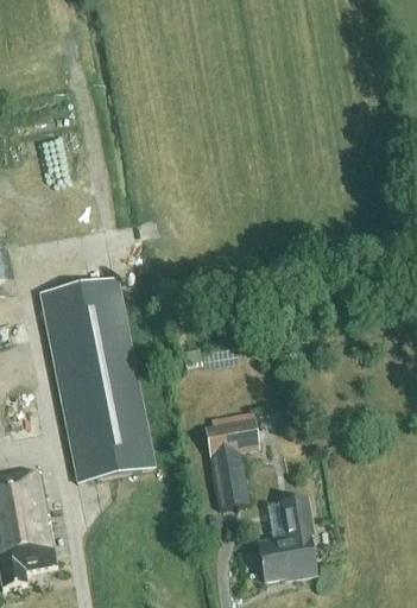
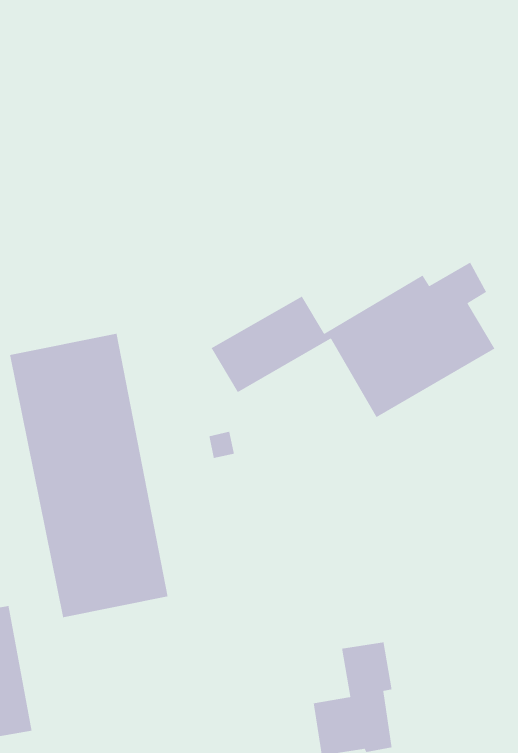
building: none -> [211,262,496,418]
building: [203,416,258,506] -> none

